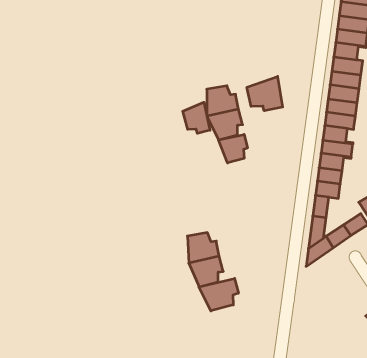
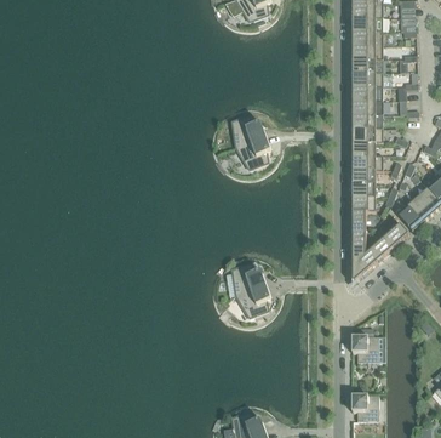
building: [247,76,283,111] -> none
building: [183,102,210,133] -> none
building: [218,134,247,163] -> none
building: [199,278,238,311] -> none
building: none -> [353,336,379,362]

